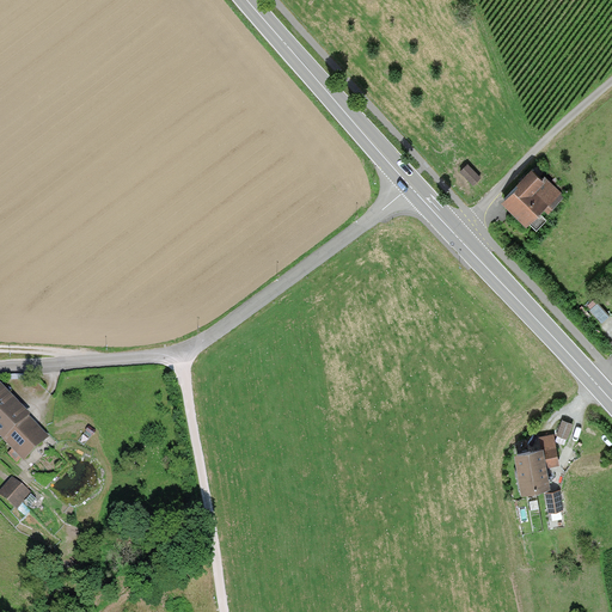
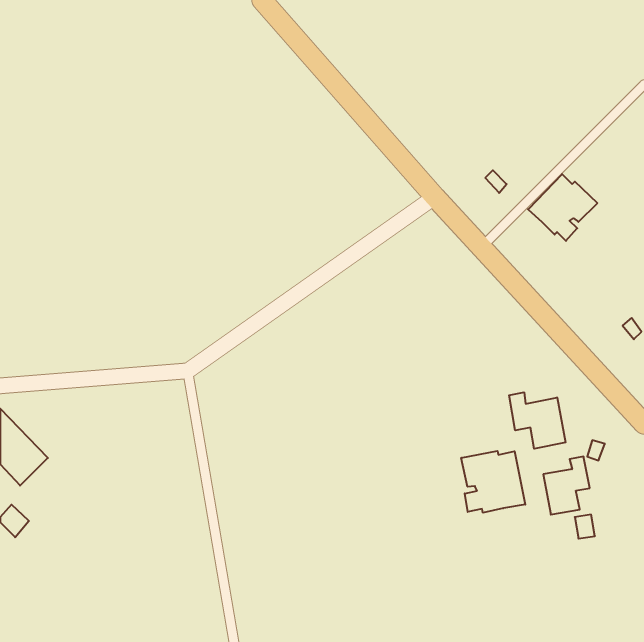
building: none -> [509,392,566,449]
building: none -> [461,451,525,513]

